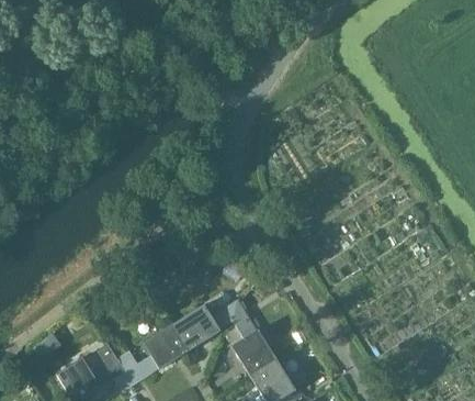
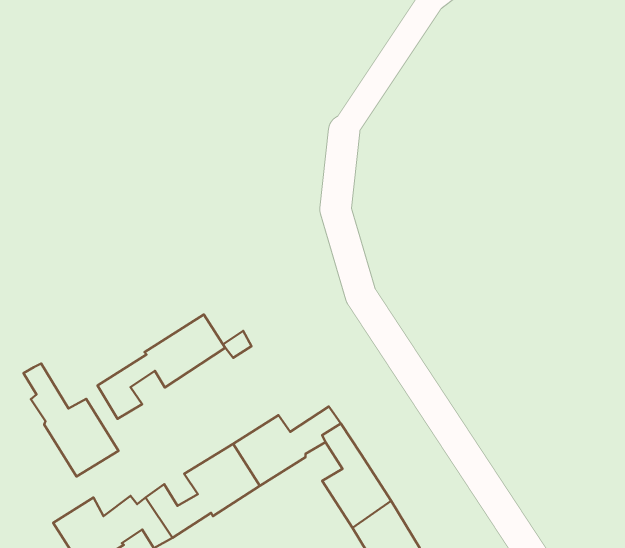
building: none -> [98,314,225,419]
building: none -> [23,363,119,476]

